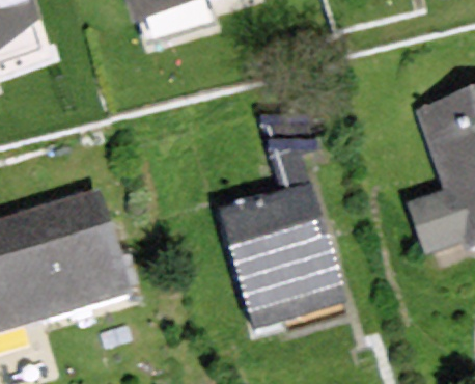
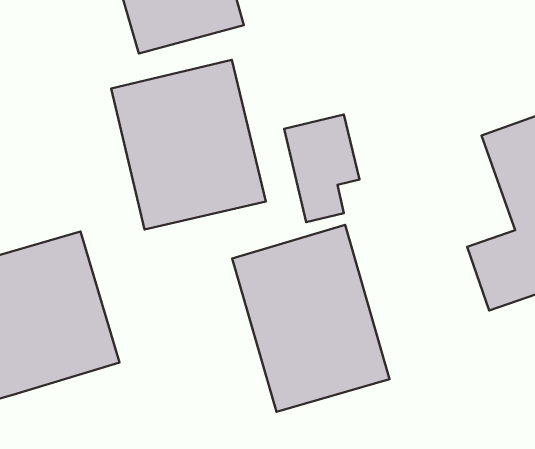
building: none -> [111,60,266,229]

